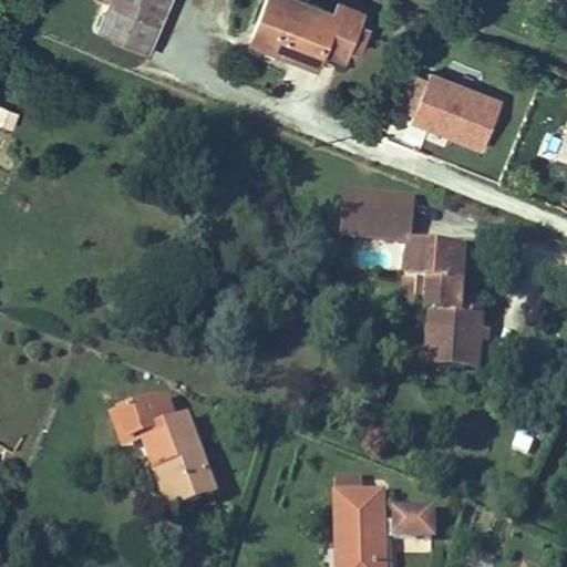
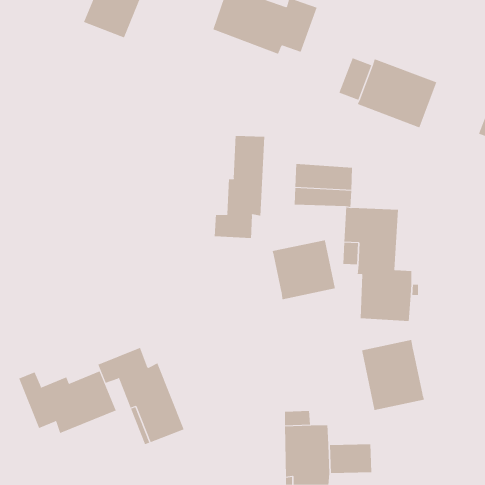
building: none -> [214,135,265,239]
building: none -> [272,239,336,300]
building: none -> [362,339,424,411]
building: none -> [19,371,116,434]

